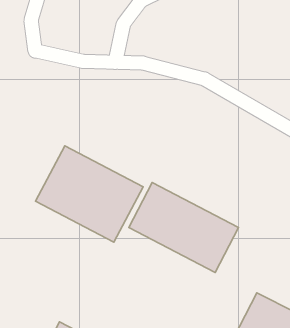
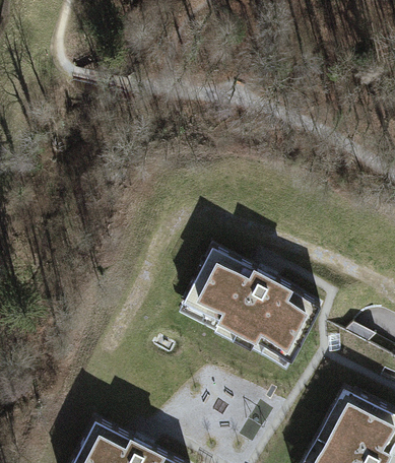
building: [36,146,143,242] -> none

